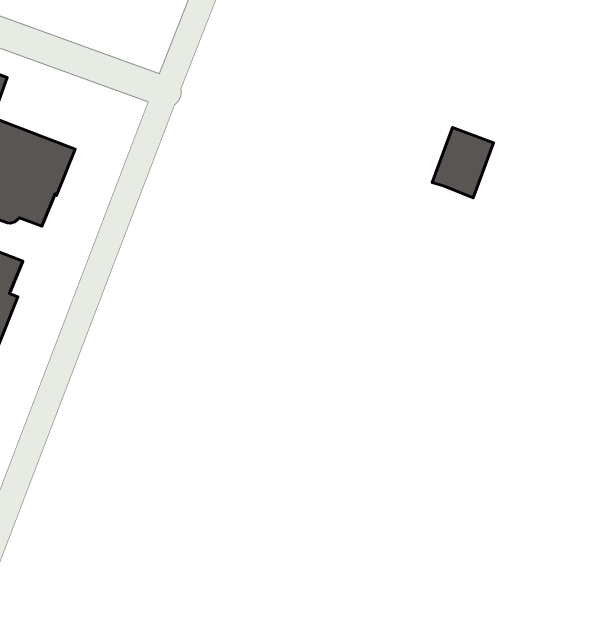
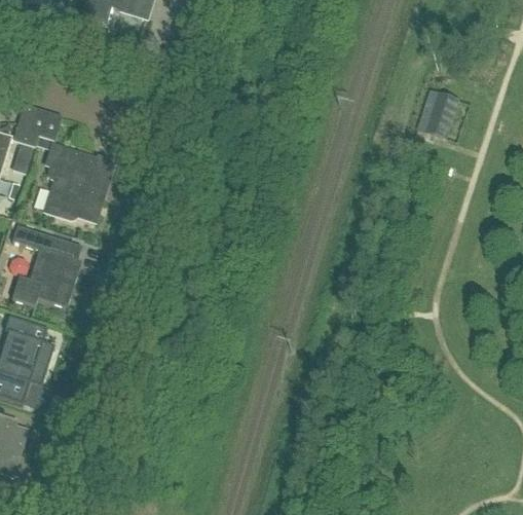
building: [432,127,494,198] -> [417,89,459,139]

